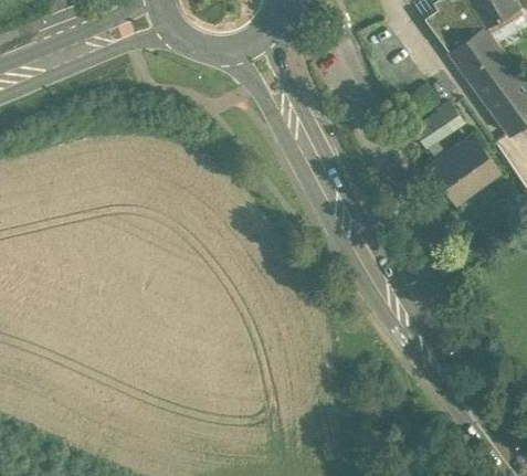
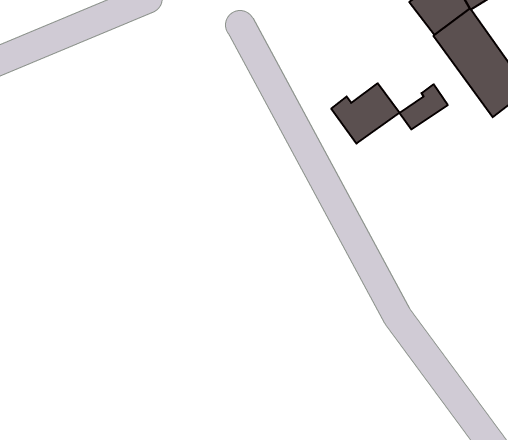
building: [430,144,498,204] -> [331,83,399,144]

